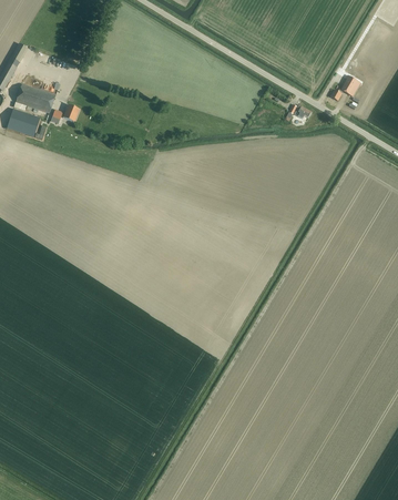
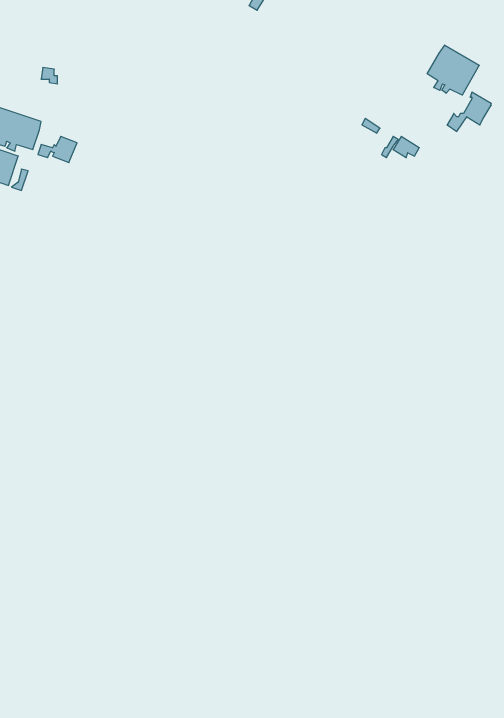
building: none -> [427,45,479,95]

